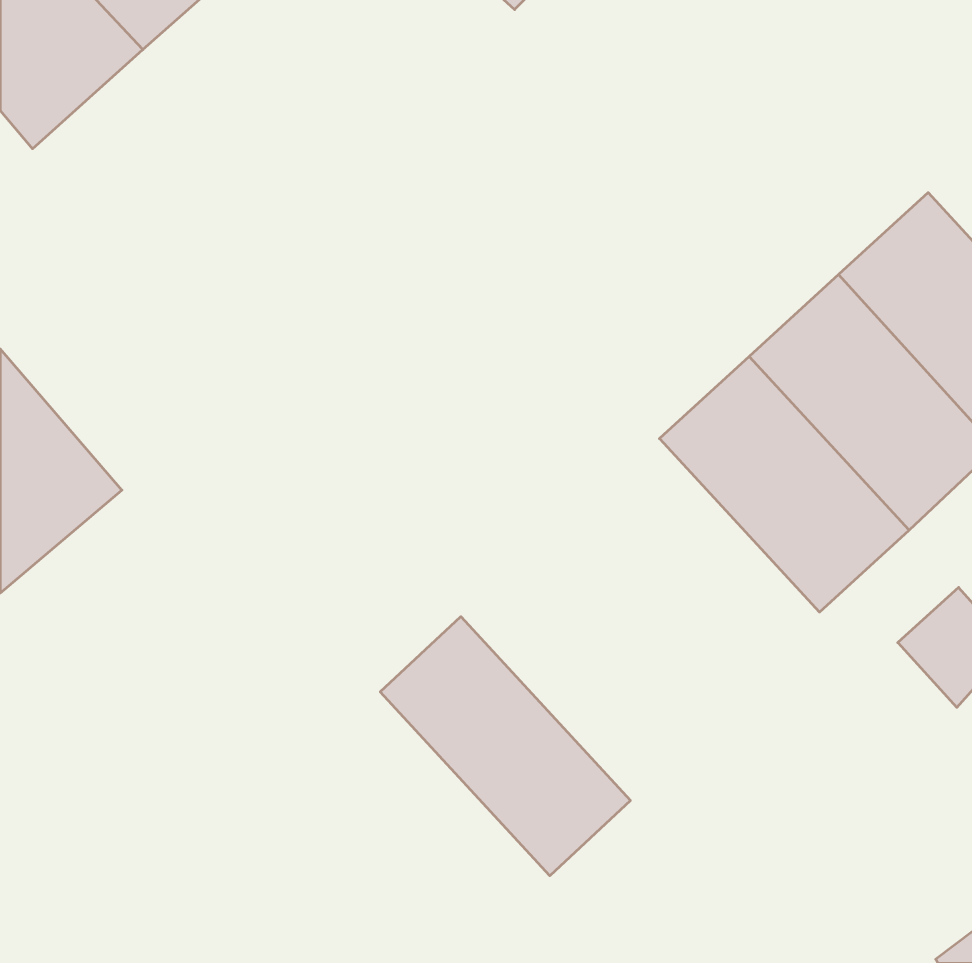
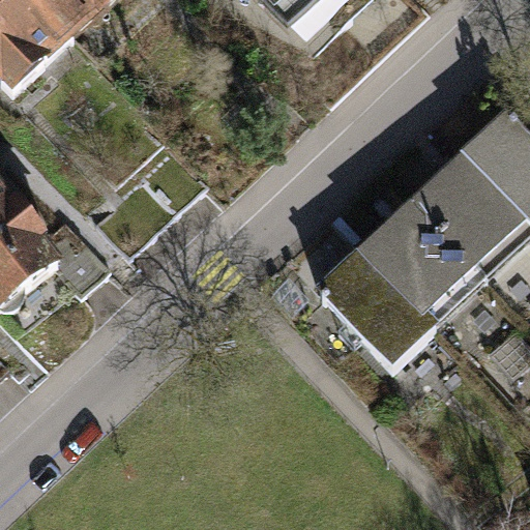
building: none -> [311,238,446,377]
building: [380,617,630,876] -> none

